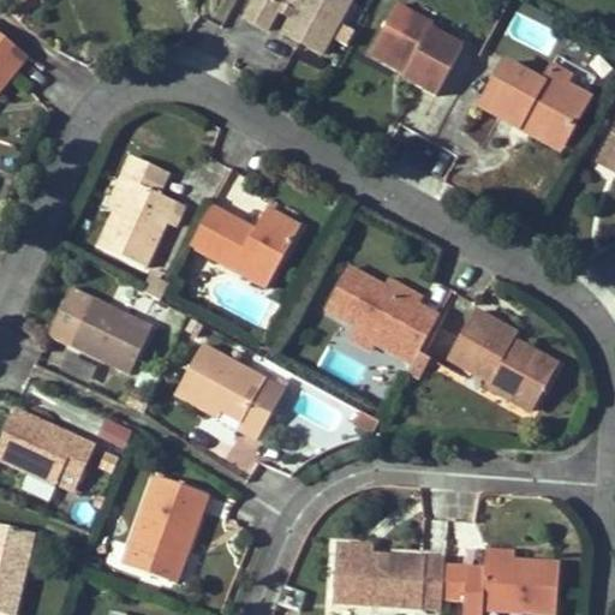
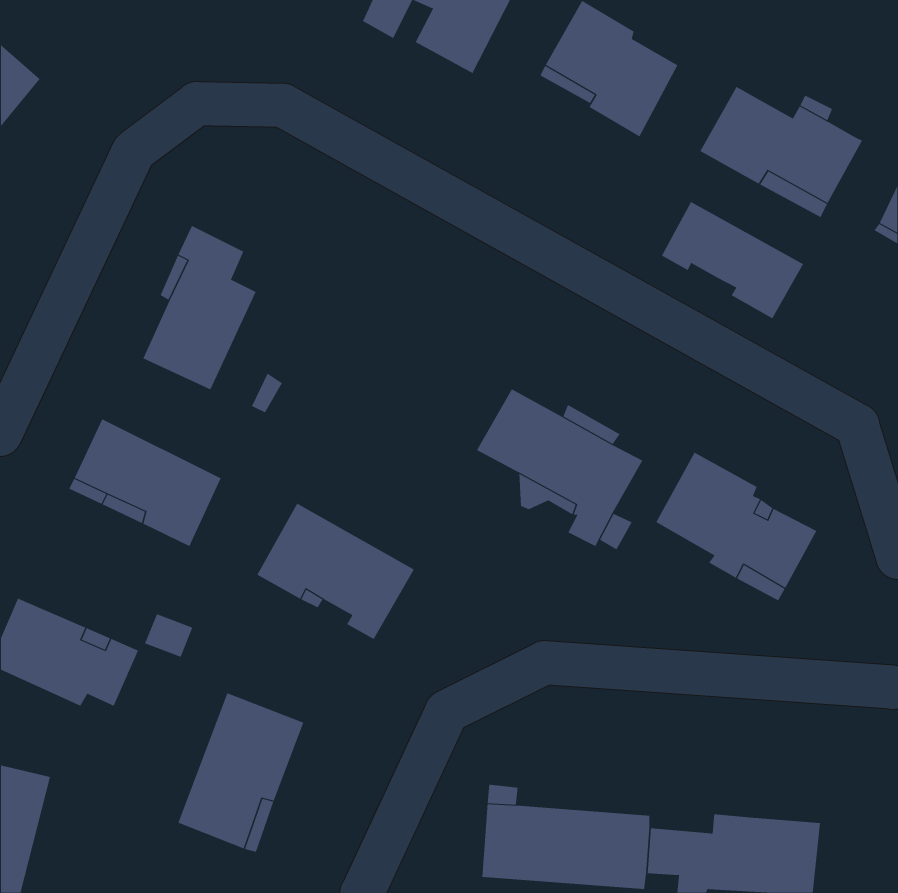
building: none -> [661,201,804,319]
building: [189,202,301,287] -> none

